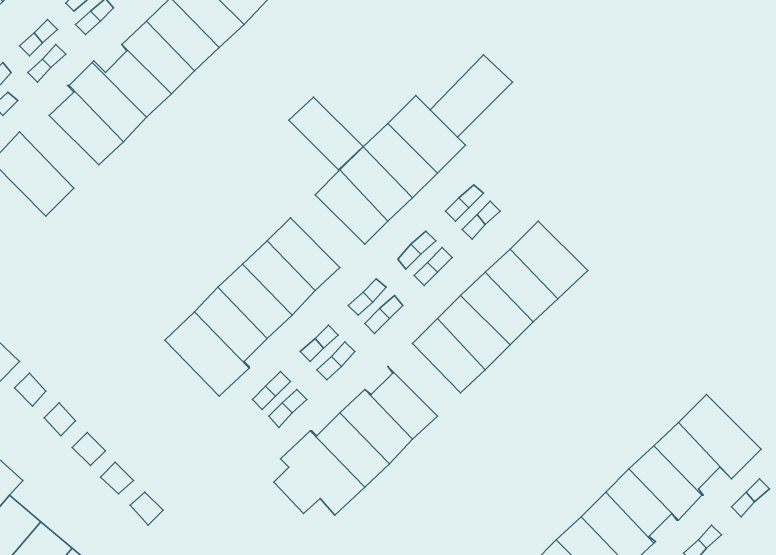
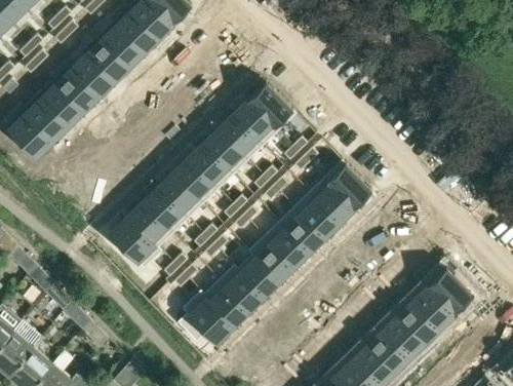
building: [430,55,513,137] -> none
building: [289,97,363,170] -> [188,144,234,189]
building: none -> [19,94,69,140]
building: none -> [248,236,293,281]

